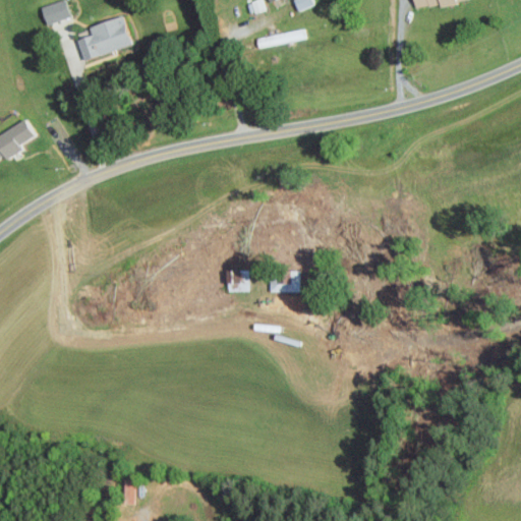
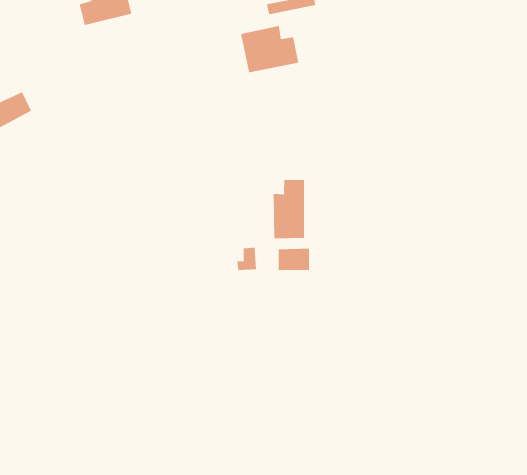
building: none -> [241,25,299,73]
building: none -> [273,179,304,239]

